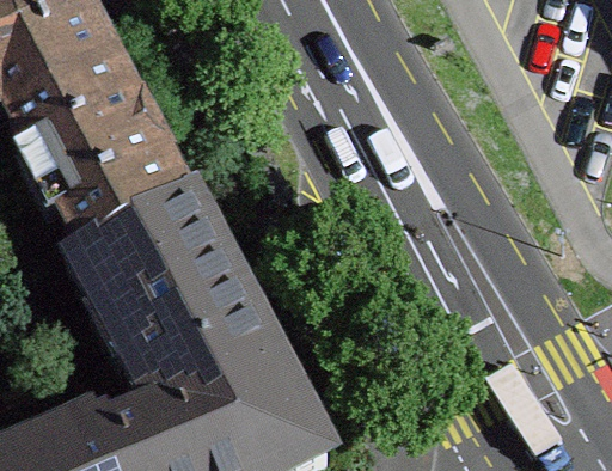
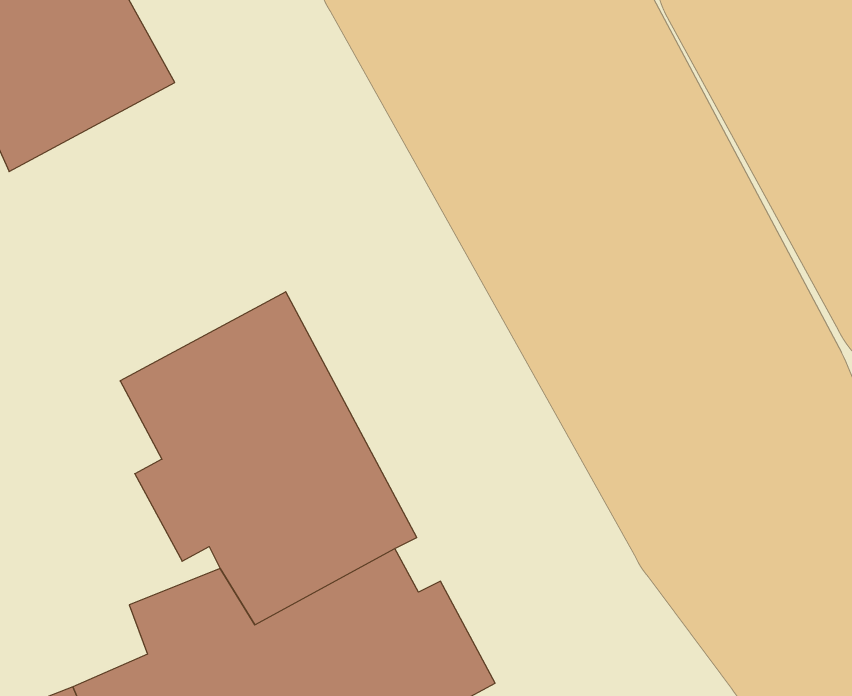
building: [10,55,191,251] -> none

